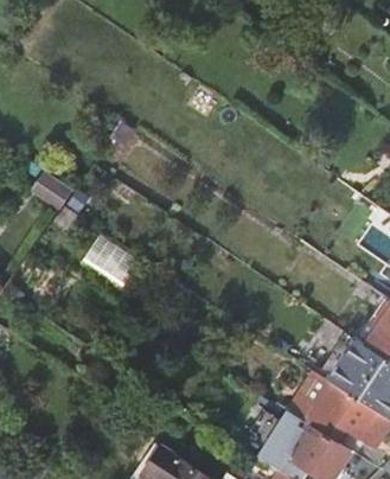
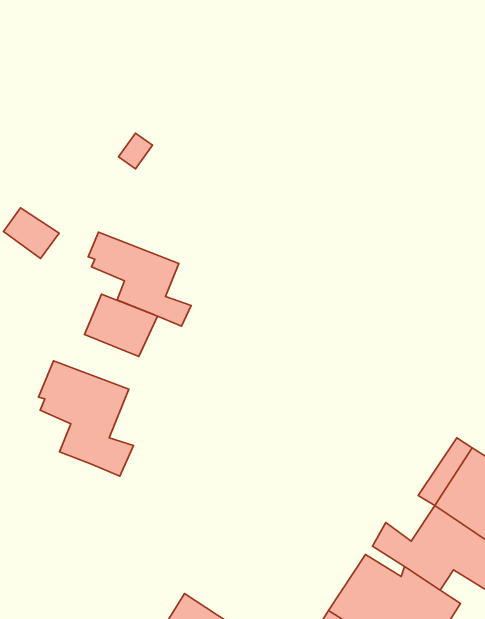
building: none -> [88,232,191,326]
building: none -> [38,361,133,476]

